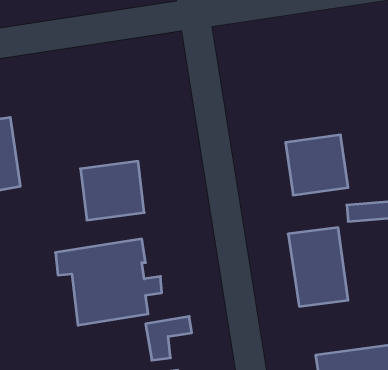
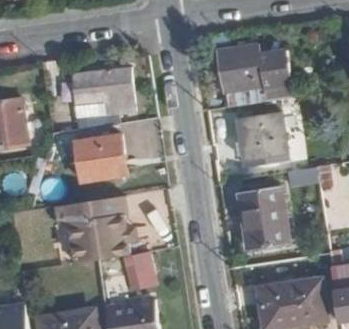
building: none -> [218,44,294,106]
building: none -> [73,63,134,117]

